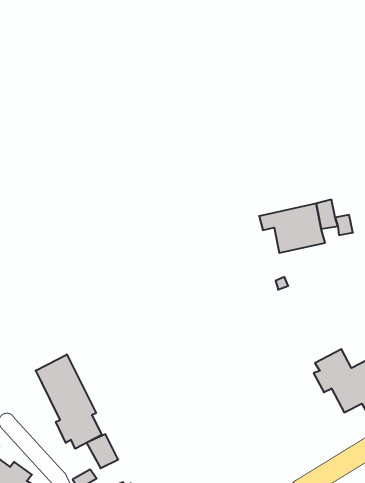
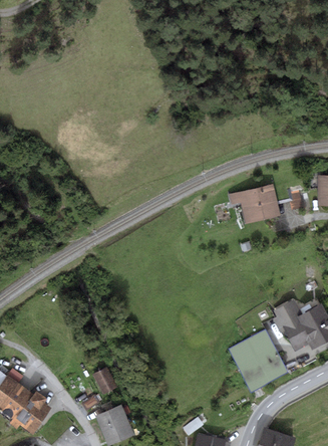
building: [36,354,102,449] -> none
building: none -> [229,329,288,391]

